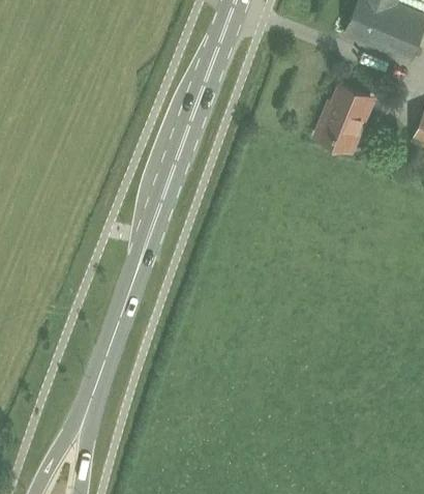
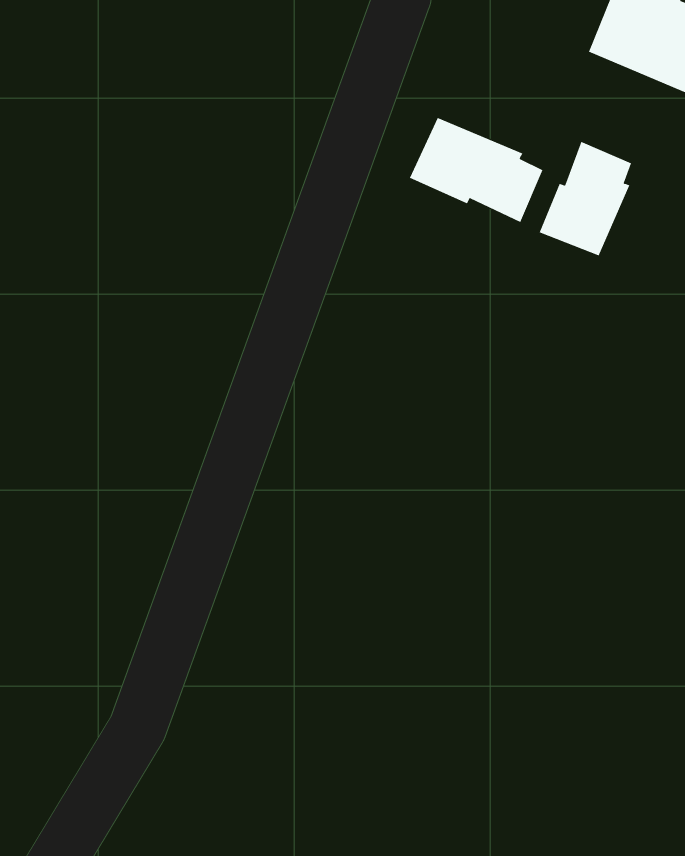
building: none -> [409,117,543,223]

